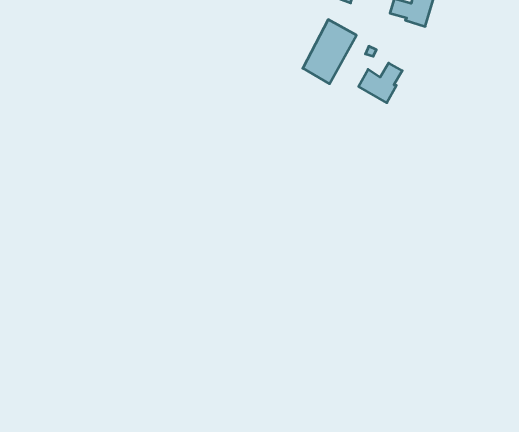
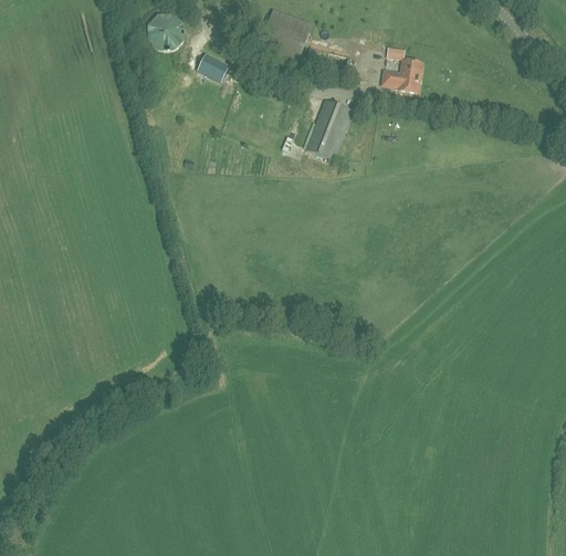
building: [359,63,402,103] -> none

